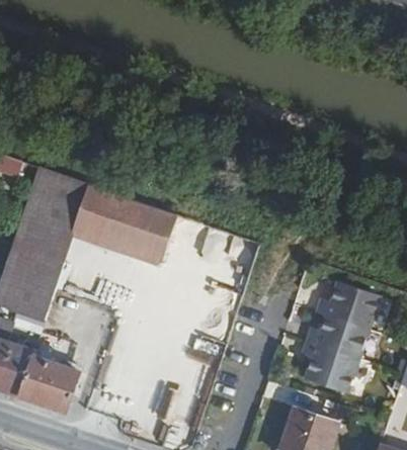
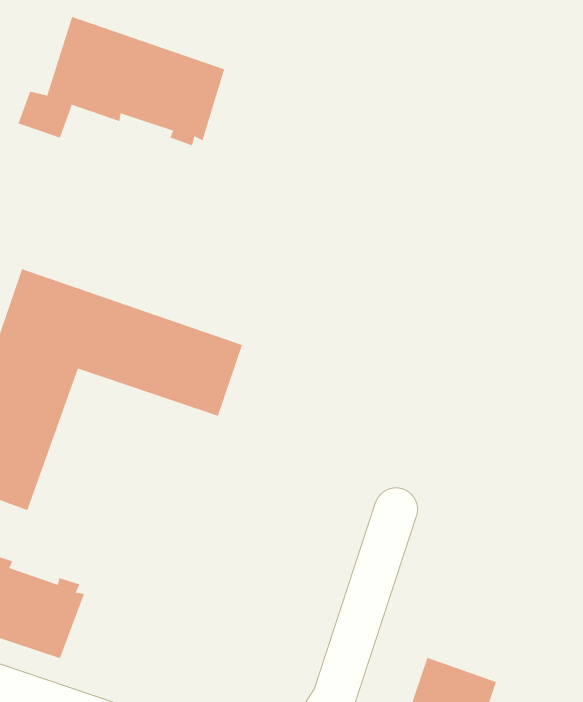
building: none -> [18,16,225,146]
building: [302,283,381,395] -> none

